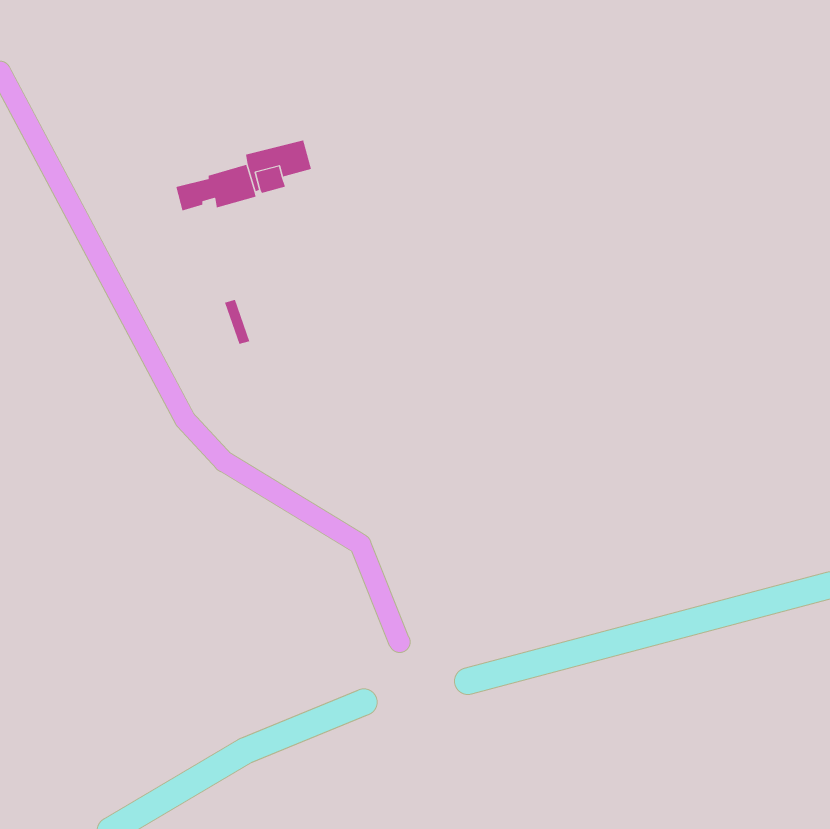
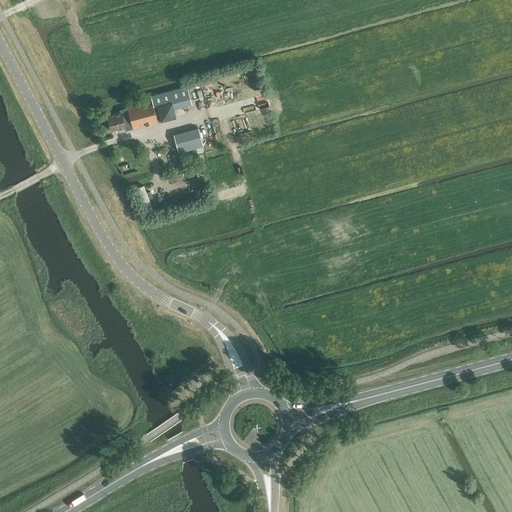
building: none -> [175,132,203,157]

